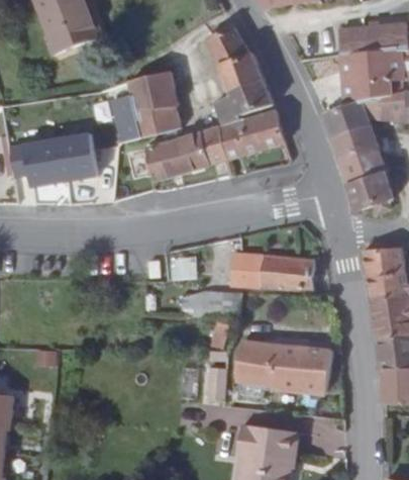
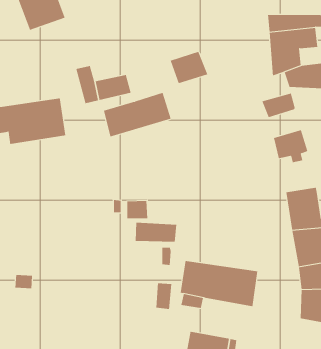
building: [204,28,260,89] -> none
building: [125,73,175,114] -> none
building: [325,103,372,138] -> none
building: [216,110,286,160] -> none
building: [343,149,384,183] -> none
building: [230,249,315,288] -> none

